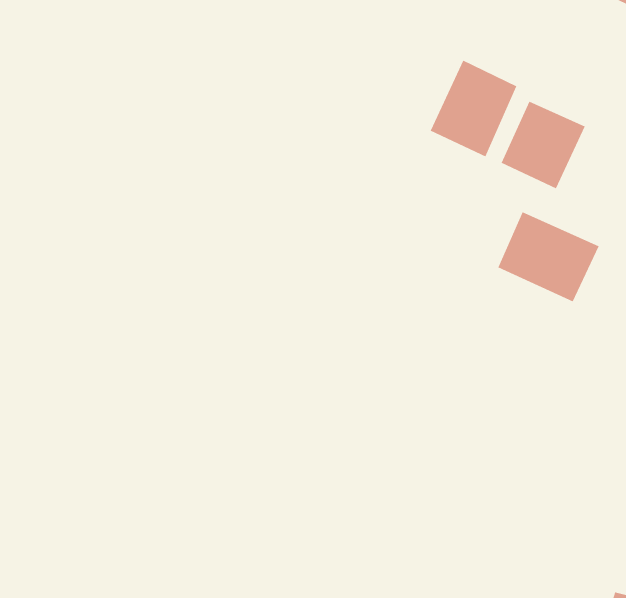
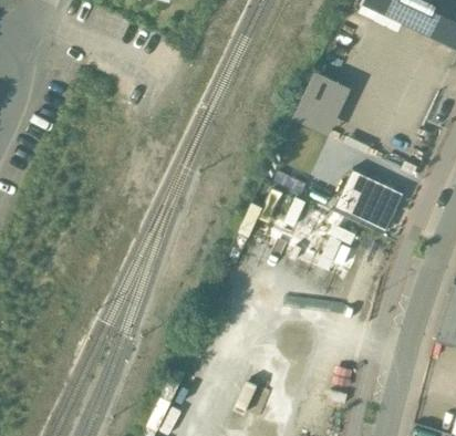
building: [501,101,586,189] -> none

